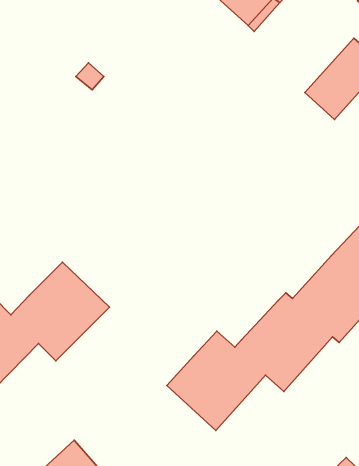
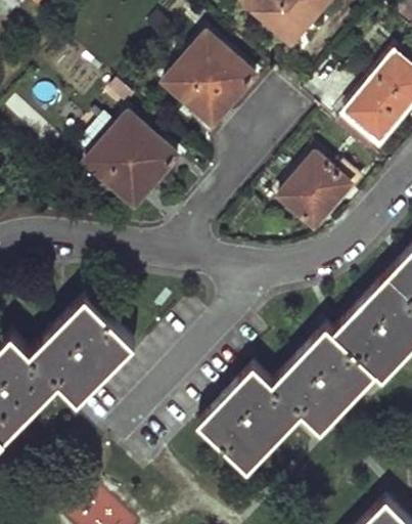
building: none -> [163,33,255,125]
building: none -> [85,112,178,204]
building: none -> [280,156,349,227]

